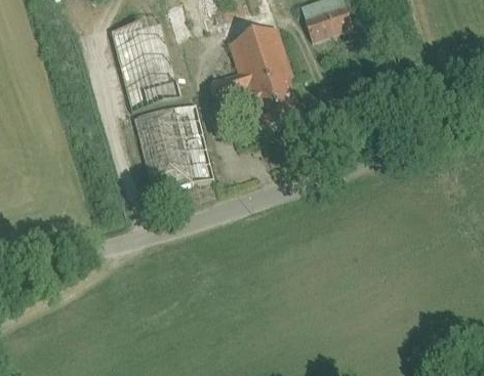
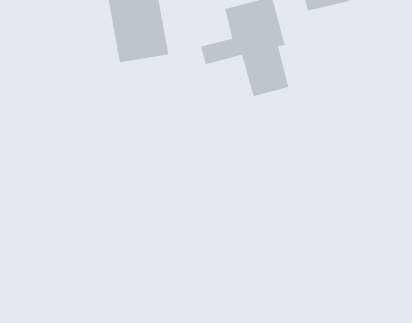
building: [132,101,213,190] -> none

